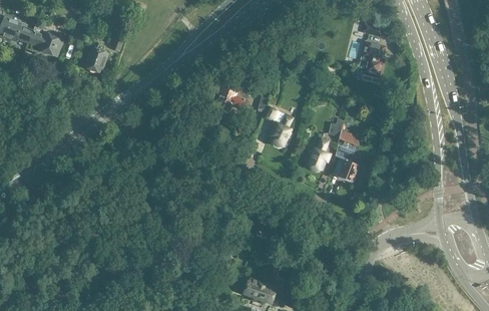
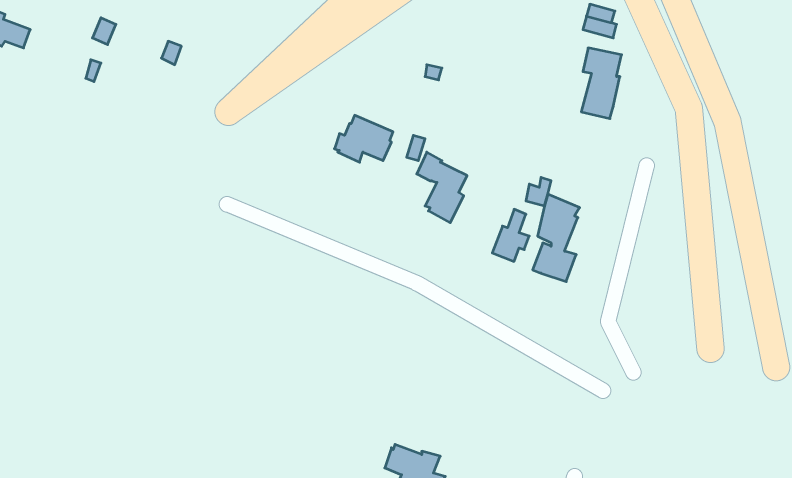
building: [27,24,61,56] -> none
building: [83,44,106,72] -> none

